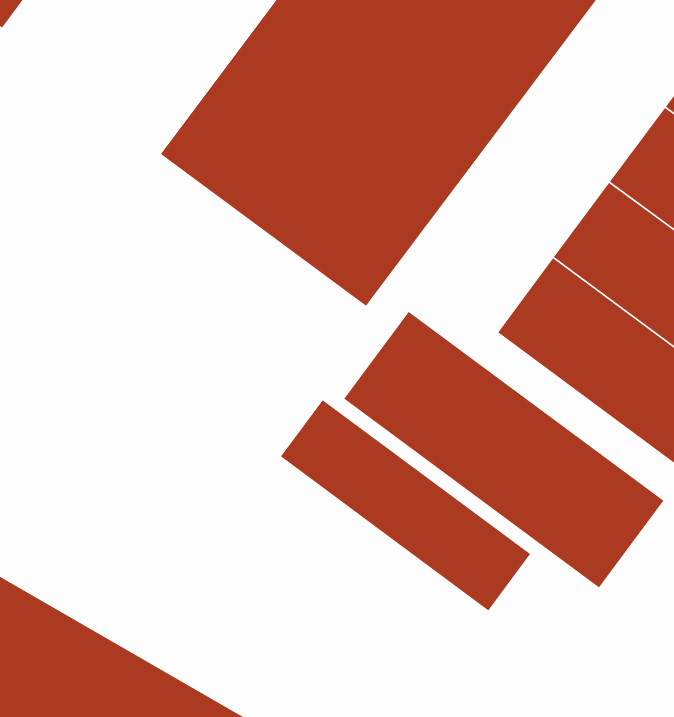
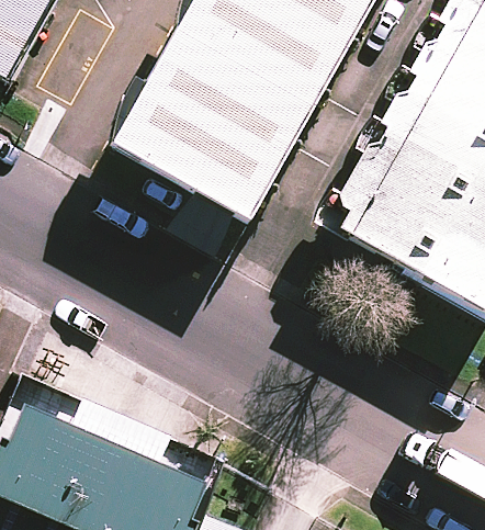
building: [343,311,664,589] -> none
building: [280,399,531,611] -> none

